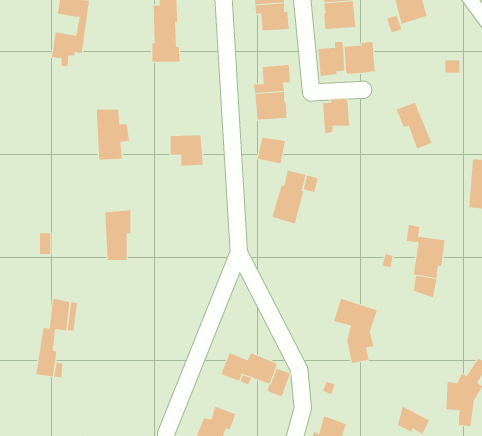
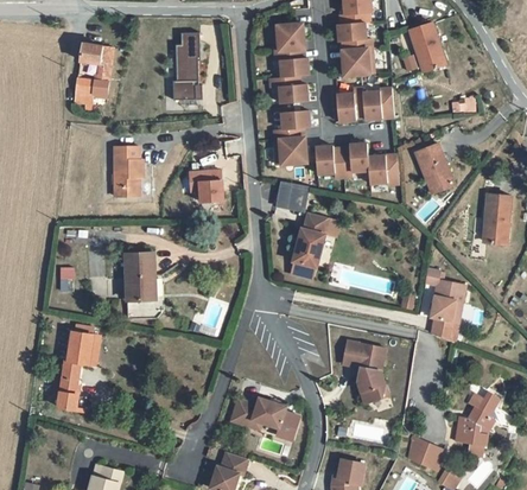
building: none -> [268,75,306,102]
building: none -> [313,145,342,177]
building: none -> [366,153,396,183]

